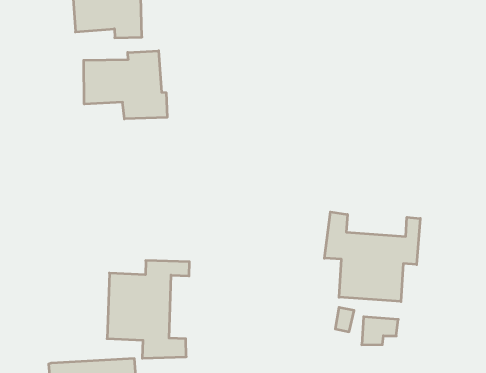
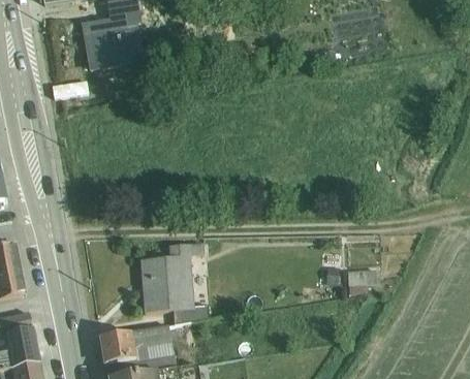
building: [84,51,167,119] -> none
building: [324,212,420,302] -> none

